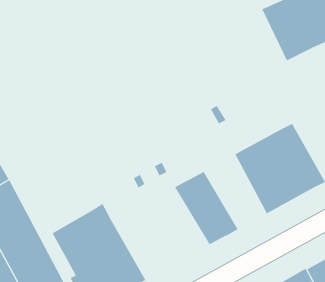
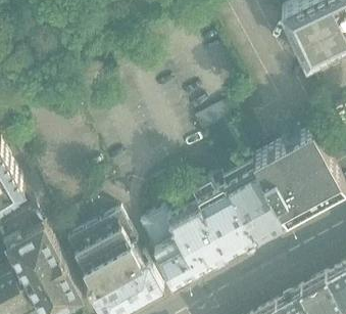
building: none -> [221,165,285,241]
building: none -> [138,198,227,288]

